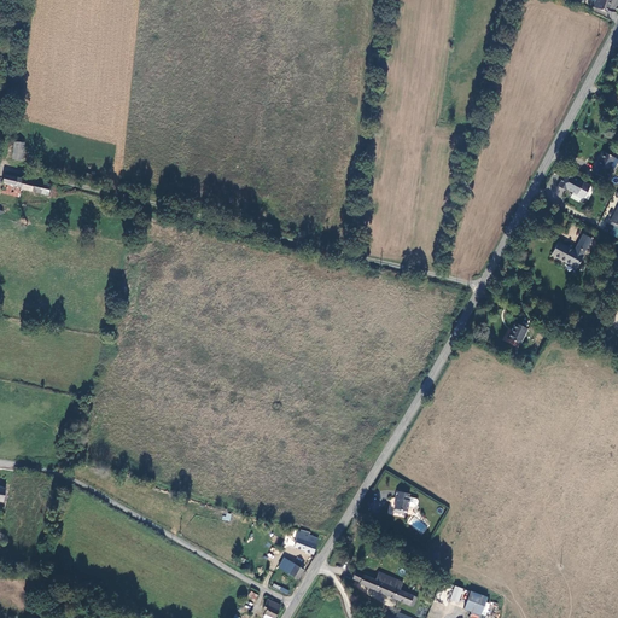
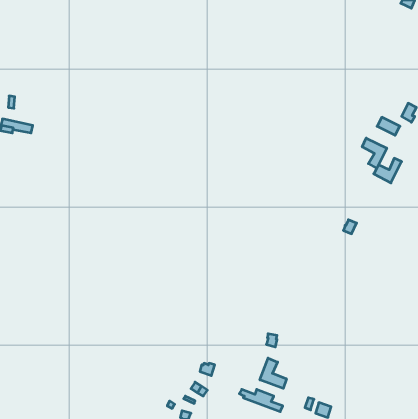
building: none -> [362,138,387,168]
building: none -> [260,358,286,388]

